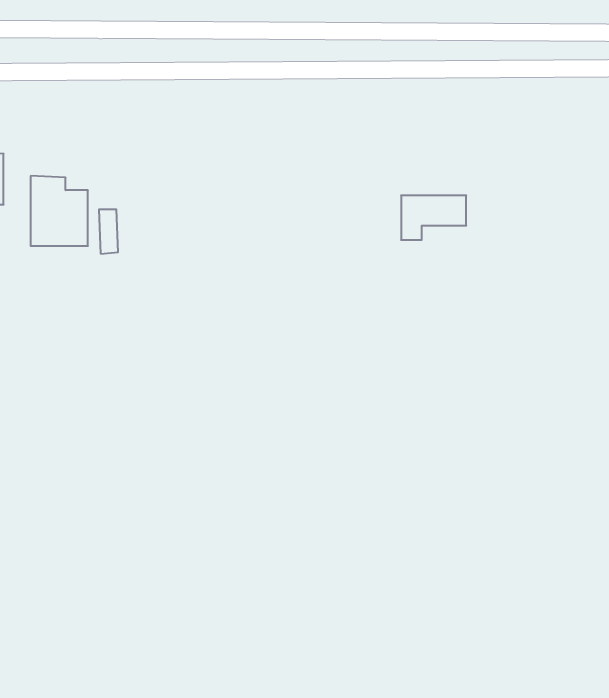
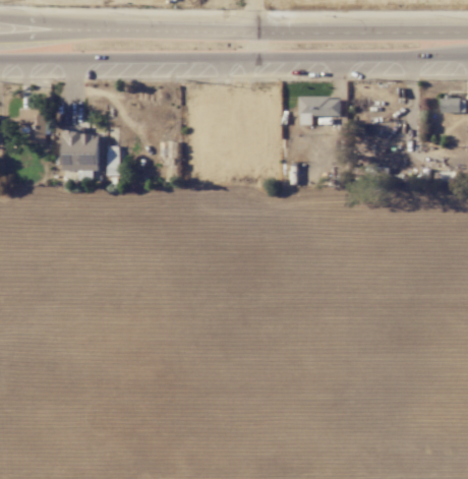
building: [401,195,466,240] -> [298,98,340,126]

